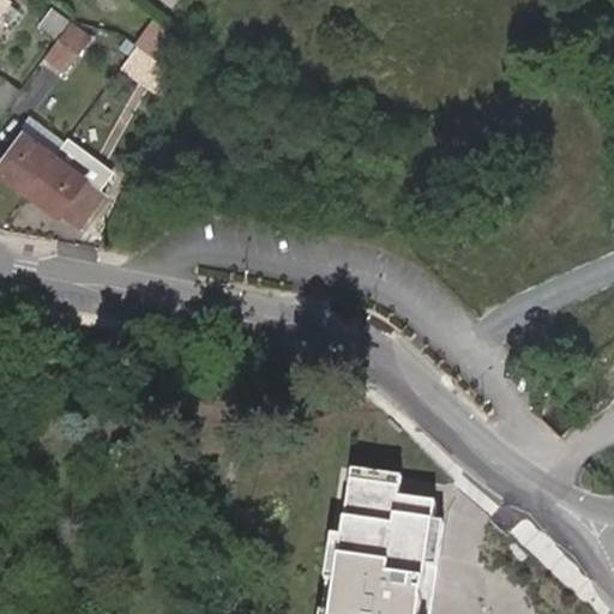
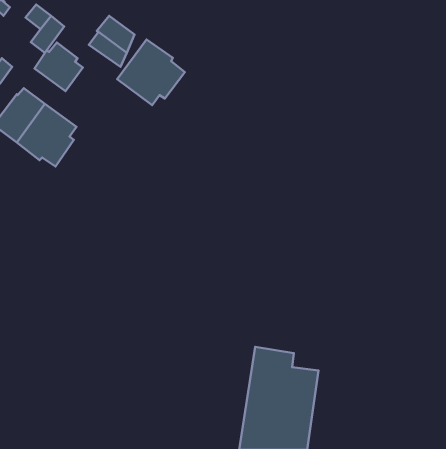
building: none -> [117,39,185,105]
building: none -> [34,42,83,91]

